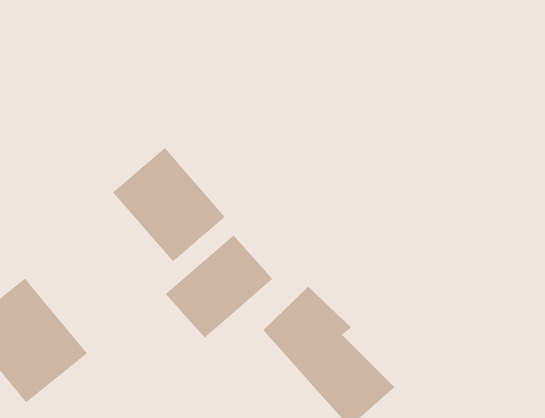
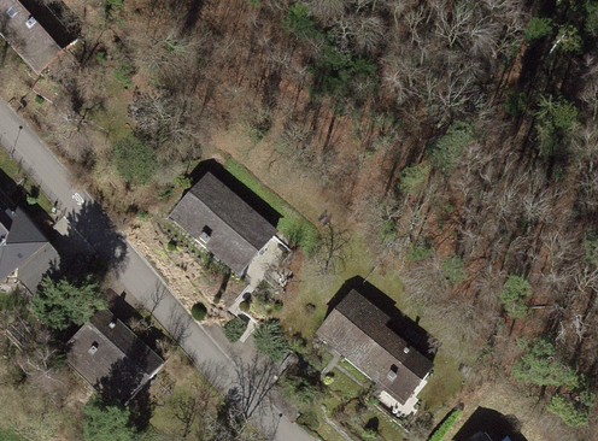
building: [165,235,273,339] -> none

